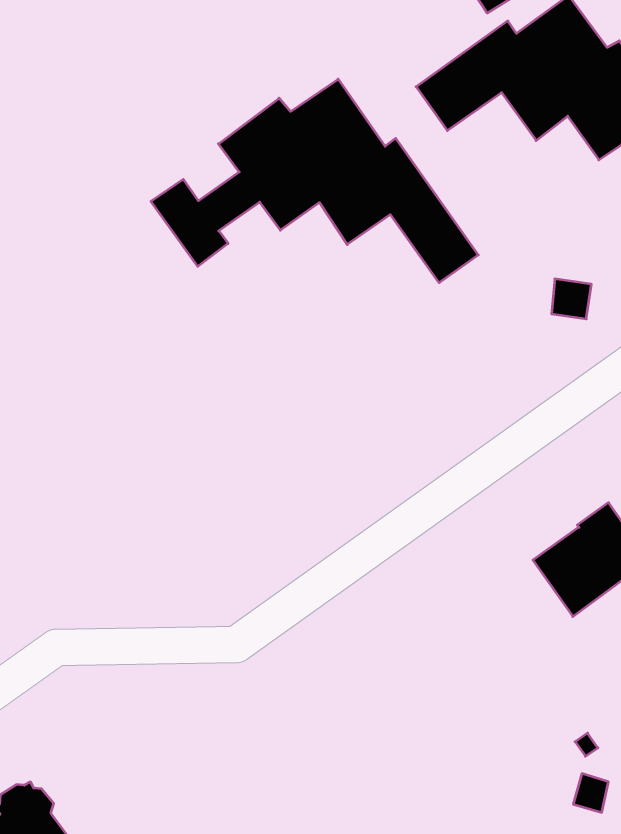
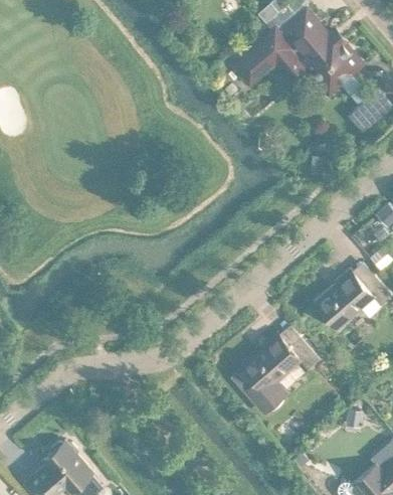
building: [151,79,478,283] -> none
building: none -> [235,333,321,412]

